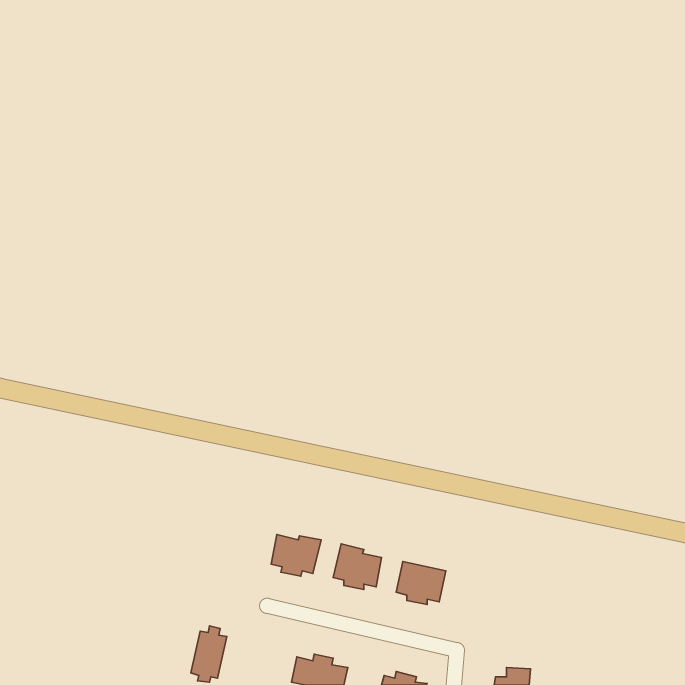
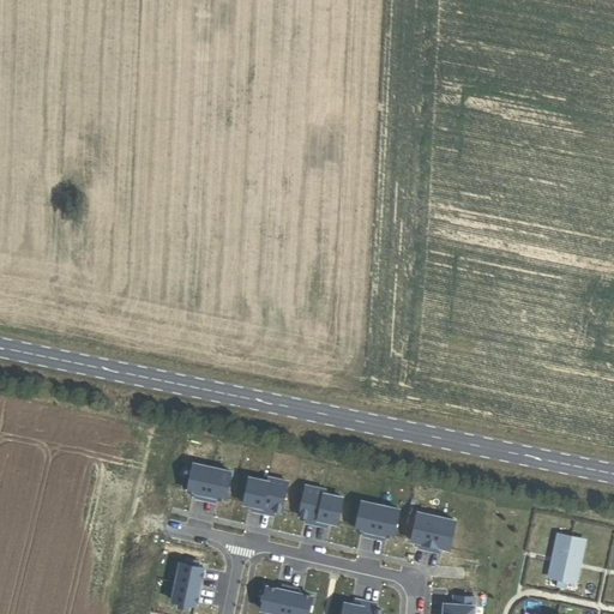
building: none -> [187,464,230,502]
building: none -> [411,512,455,552]
building: none -> [543,534,579,582]

